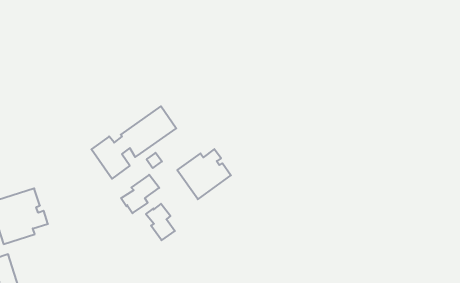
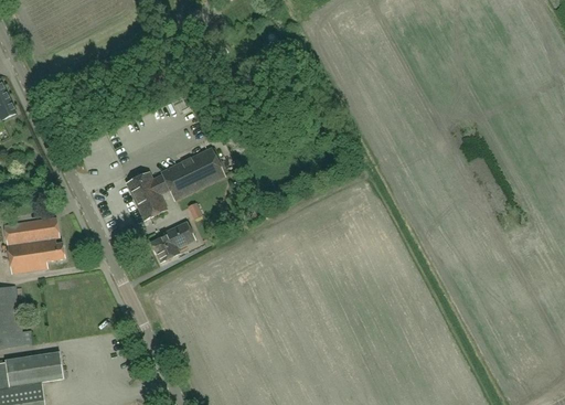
building: [177,149,231,199] -> none
building: [146,204,175,240] -> none

